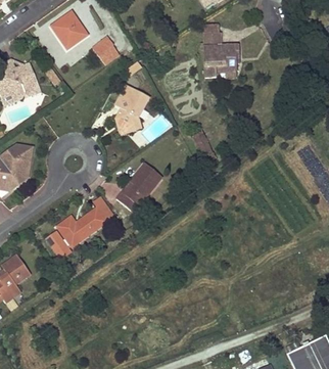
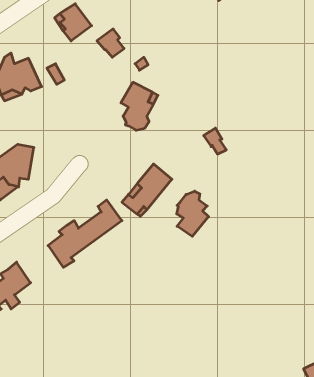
building: [203,24,238,76] -> none
building: none -> [177,191,209,236]

